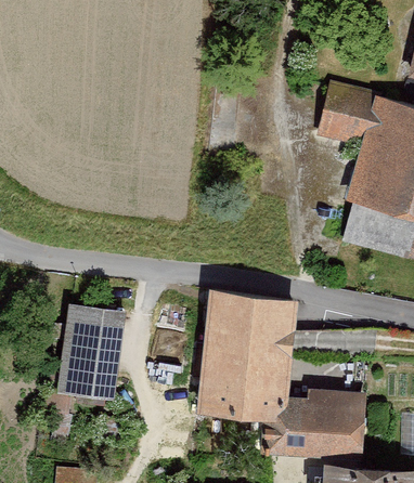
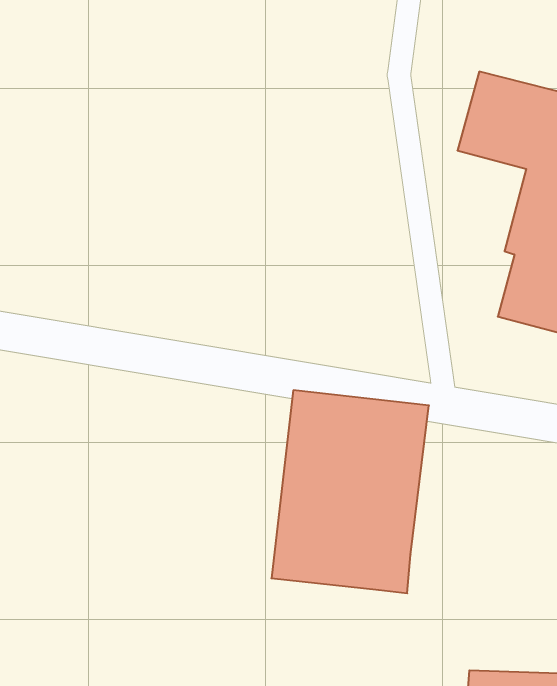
building: [57,308,121,399] -> none
building: [262,387,370,460] -> none

